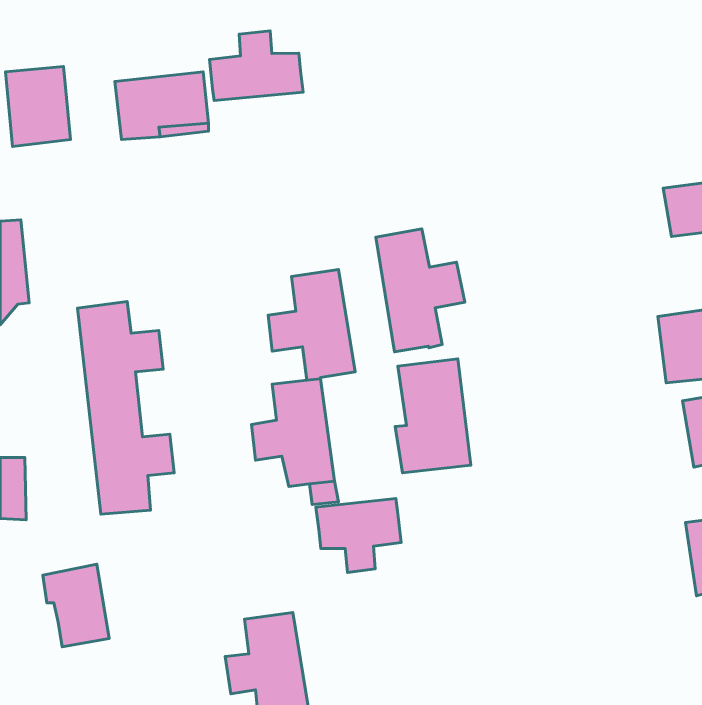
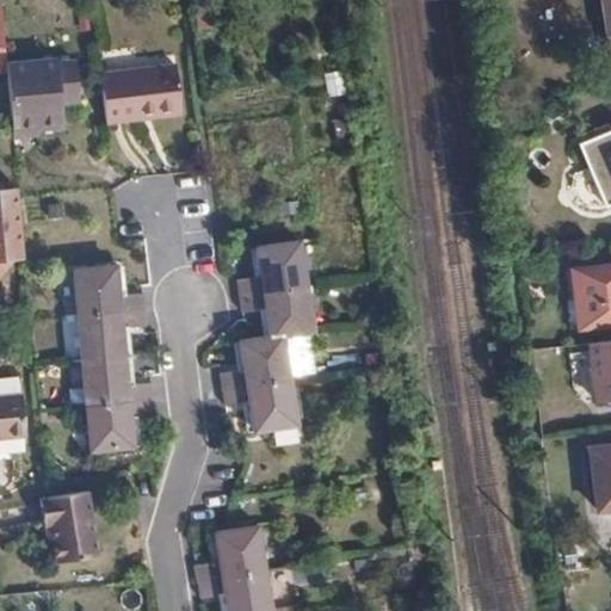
building: [209,31,303,101] -> none
building: [376,229,465,352] -> none
building: [395,359,471,473] -> none
building: [316,499,401,572] -> none

